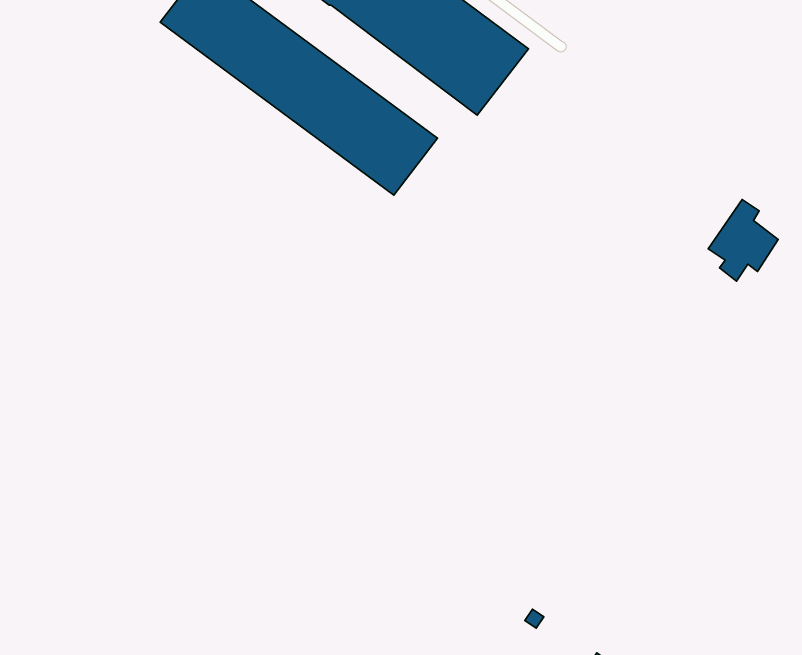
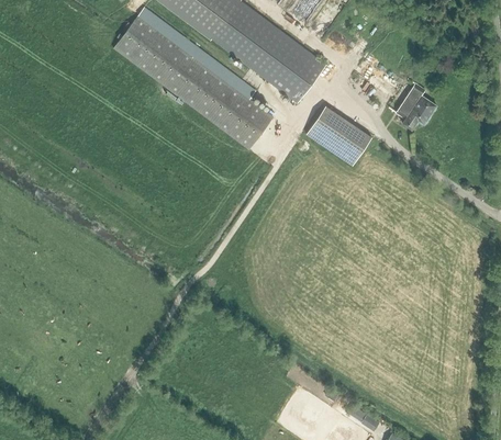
building: none -> [302,103,371,165]
building: [708,199,778,281] -> [397,82,437,129]

